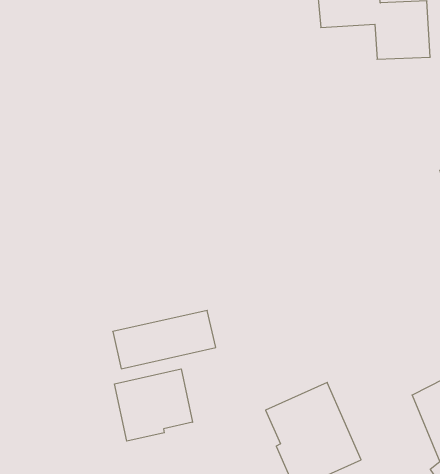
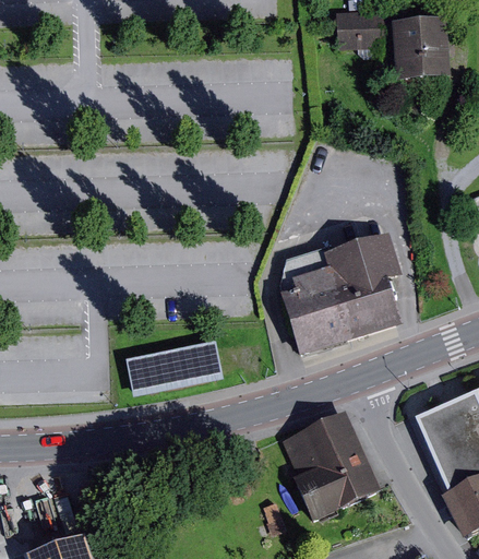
building: none -> [277,233,404,353]
building: [115,369,193,441] -> none

